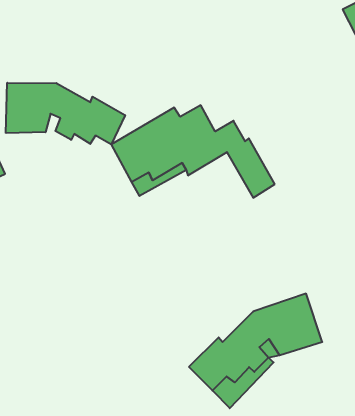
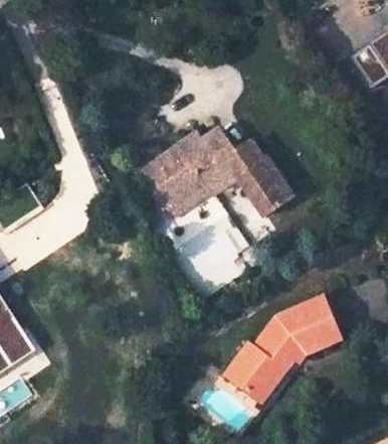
building: [6,83,125,145] -> none

